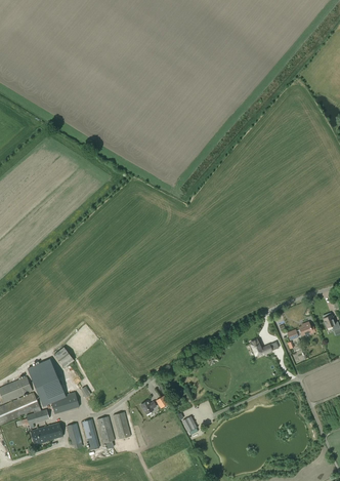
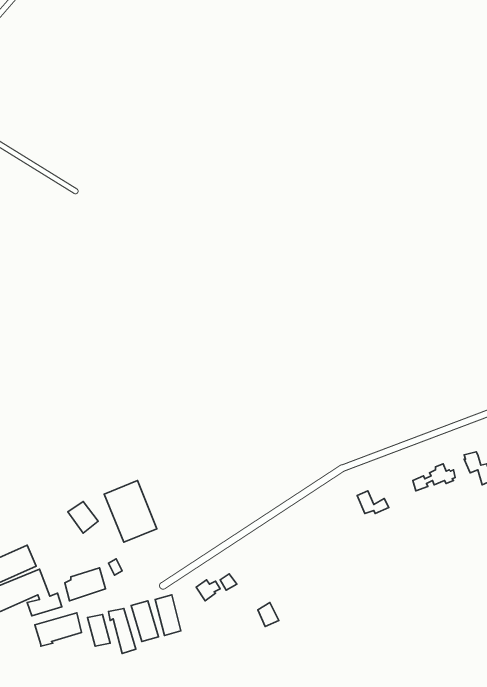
building: [28,359,63,401] -> [104,481,157,542]

